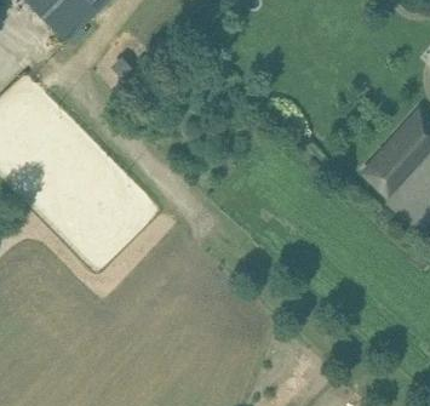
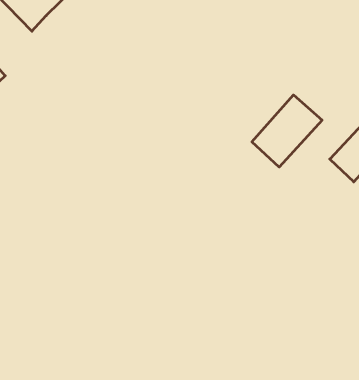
building: none -> [252,95,322,167]

